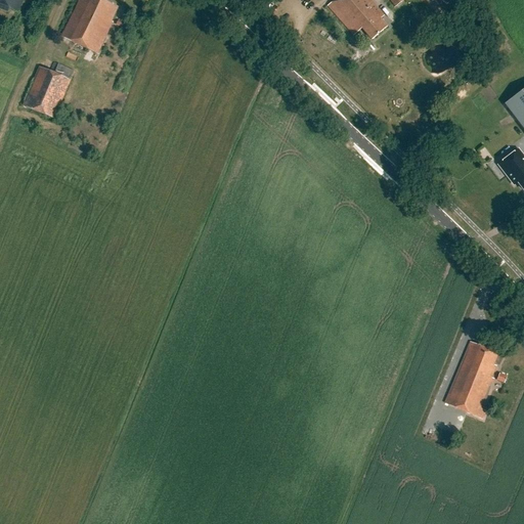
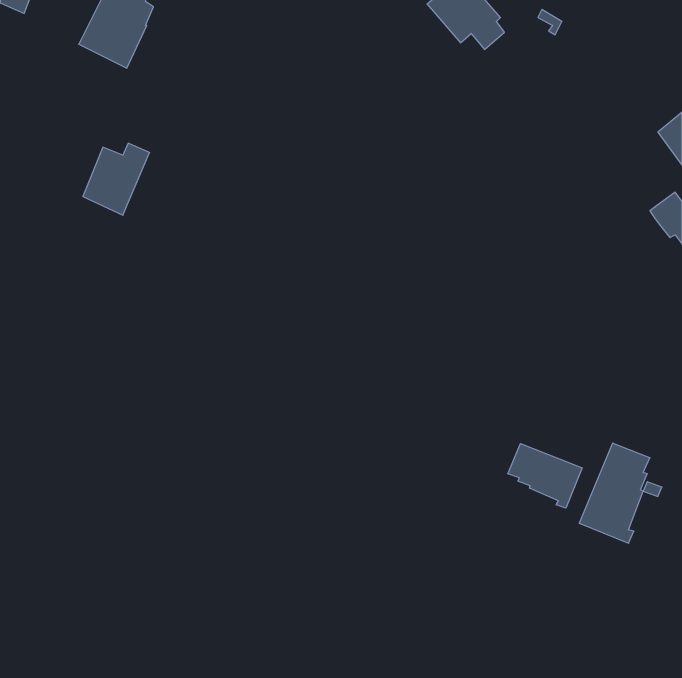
building: [23,61,74,117] -> [83,143,150,215]
building: none -> [508,444,582,508]

